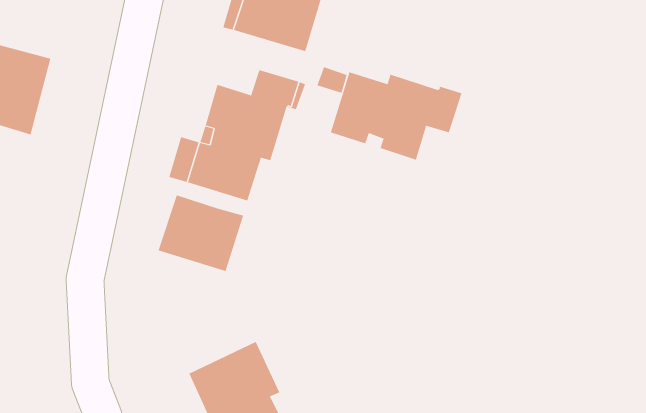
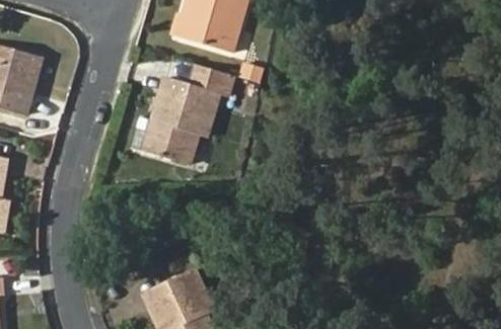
building: [330,72,462,161] -> none
building: [158,195,244,272] -> none

